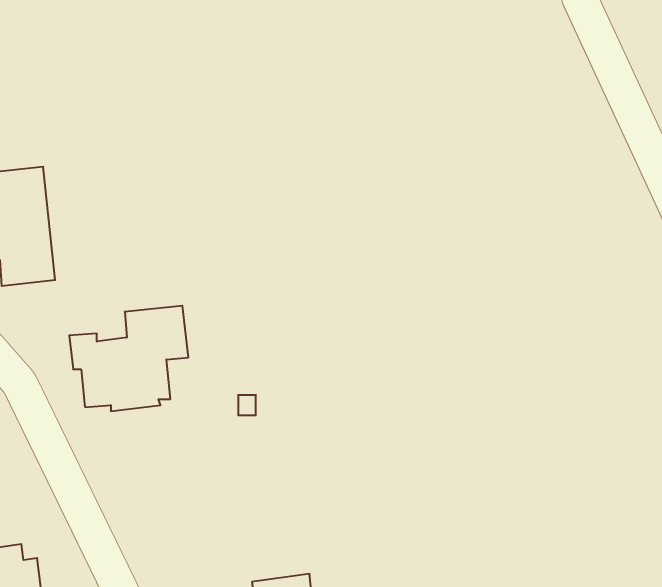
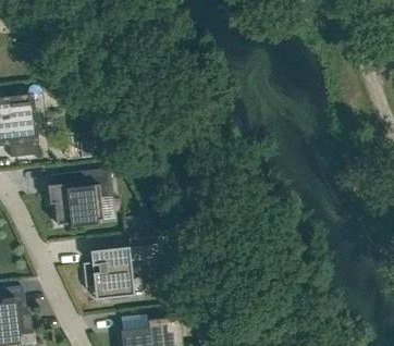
building: none -> [84,246,152,299]

